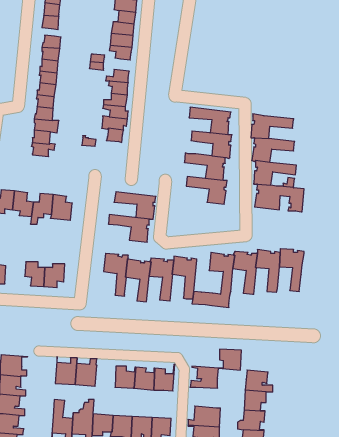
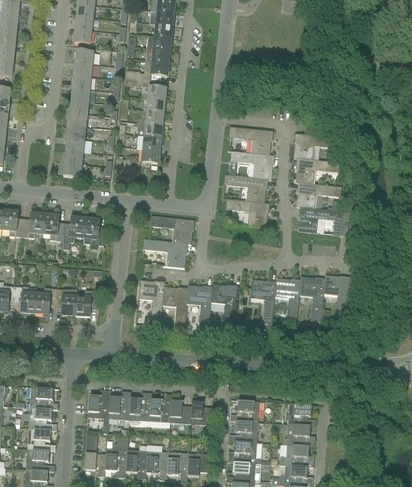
building: none -> [34,288,56,313]
building: [219,349,241,370] -> [234,421,258,443]
building: none -> [129,398,151,421]

